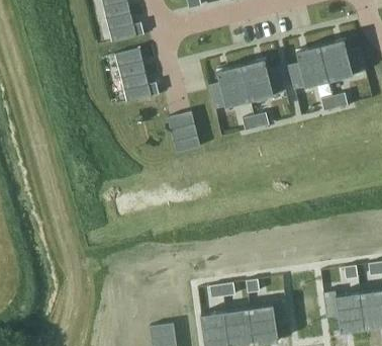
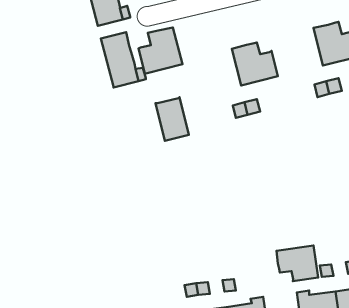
building: [289,44,330,88] -> none
building: [209,64,252,108] -> [138,28,182,74]
building: none -> [277,245,318,281]

